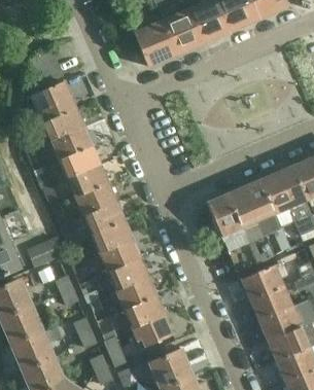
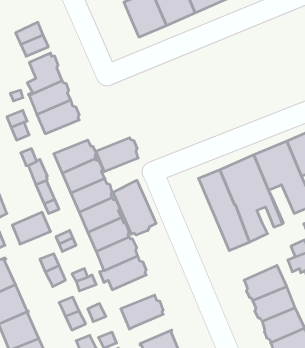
building: [59,146,100,179] -> [96,138,138,172]
building: none -> [113,180,156,235]
building: [242,267,283,302] -> none
building: [124,296,165,329] -> none

